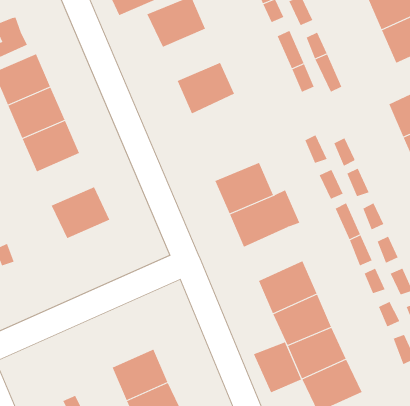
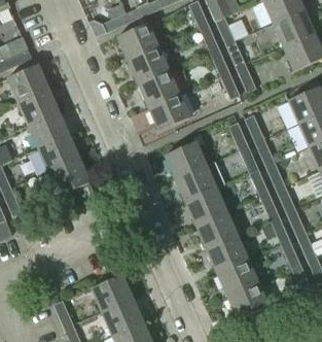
building: none -> [128,46,169,83]
building: none -> [148,93,190,131]
building: none -> [38,135,79,172]
building: none -> [185,187,227,226]
building: [253,342,302,393] -> none

